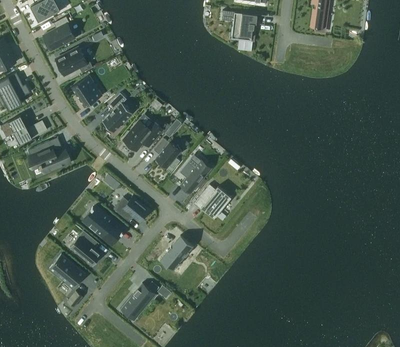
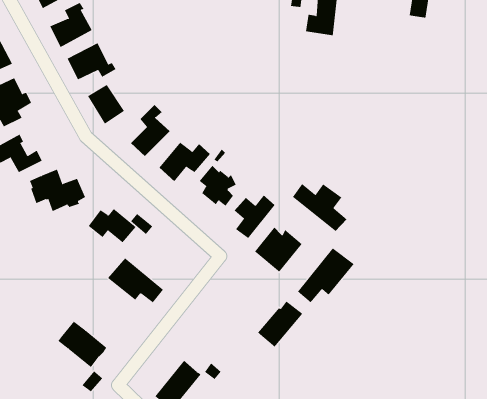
building: none -> [292,183,347,232]
building: [113,196,149,222] -> [88,208,136,243]
building: none -> [297,247,354,303]
building: [69,231,101,266] -> none
building: [159,236,193,271] -> [257,300,303,347]

